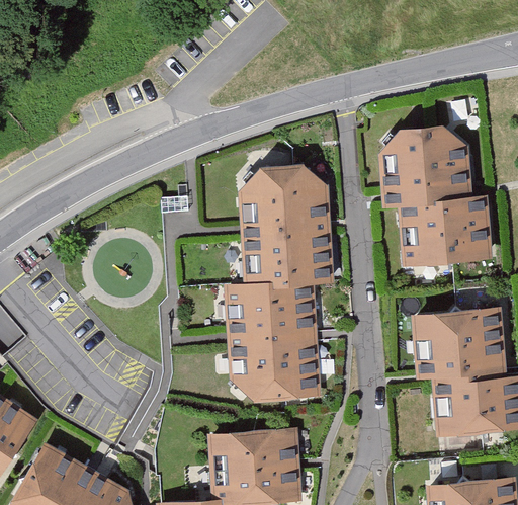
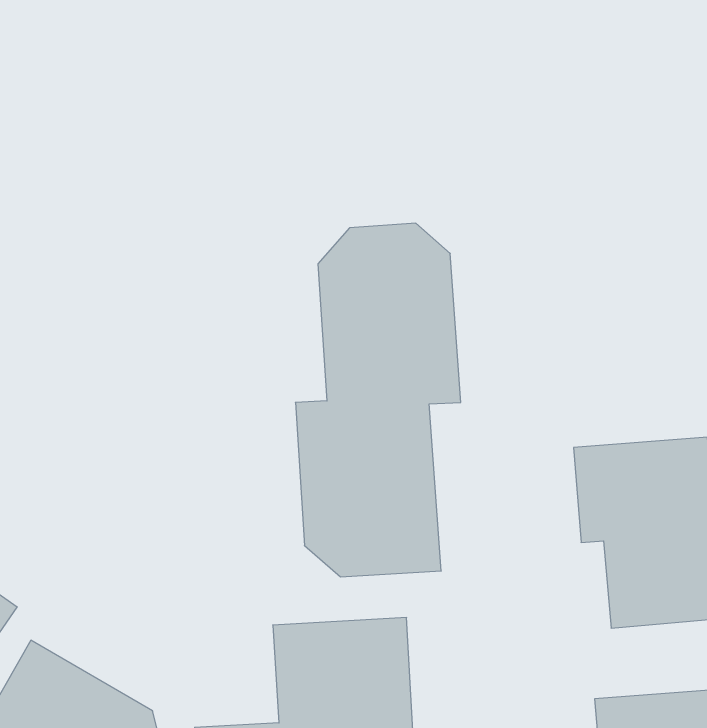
building: [378,124,493,266] -> none

